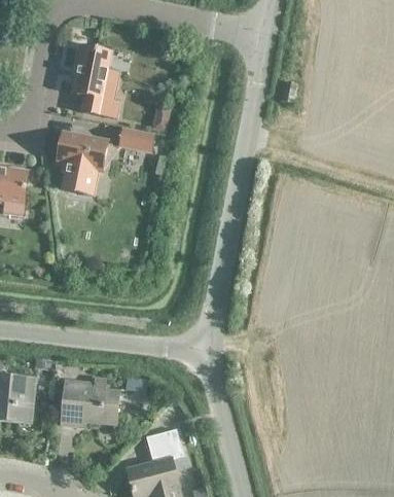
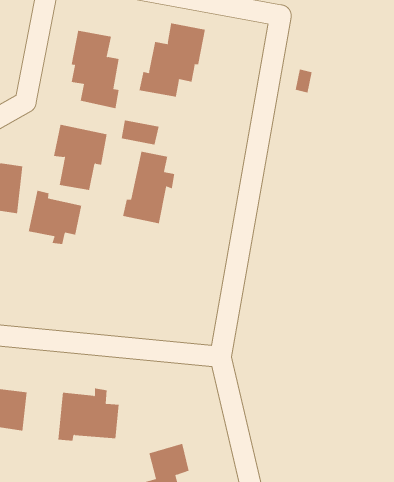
building: none -> [139,22,206,97]
building: none -> [122,151,175,224]
building: none -> [28,190,82,245]

